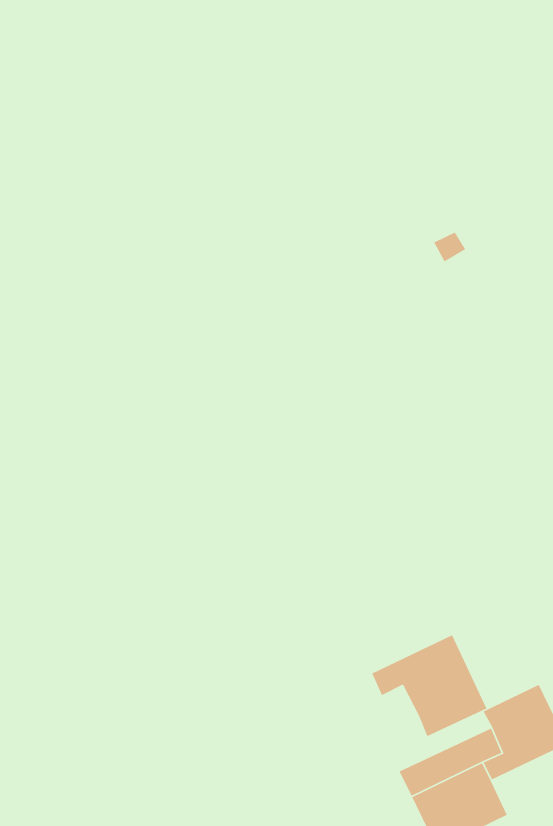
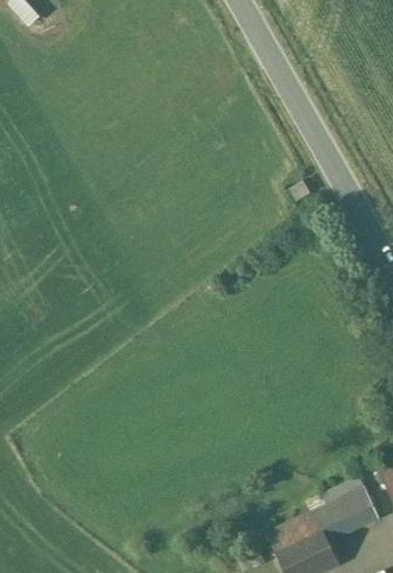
building: [371,634,487,737] -> none

